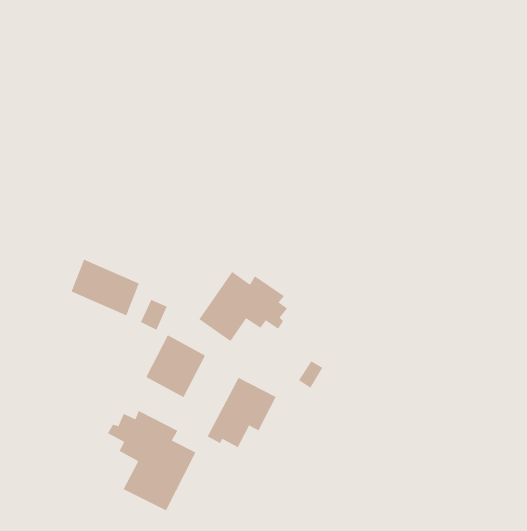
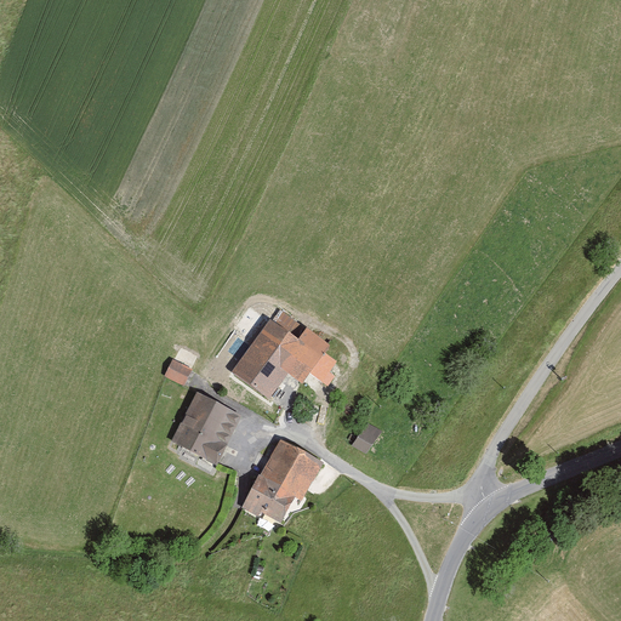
building: [71,259,140,316] -> none
building: [107,410,196,511] -> none

